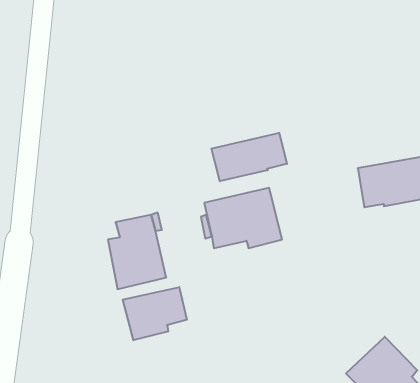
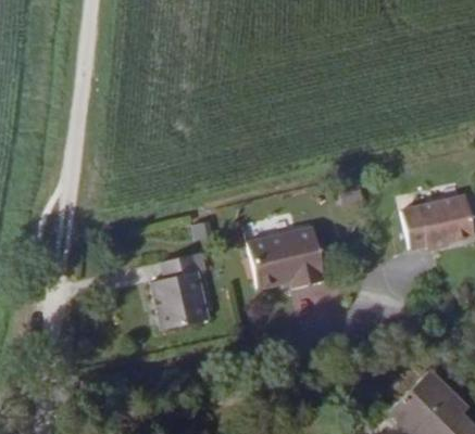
building: [211,133,287,181] -> none
building: [123,287,187,340] -> none

